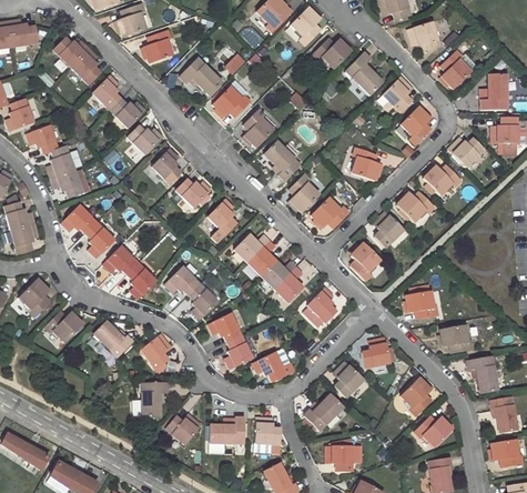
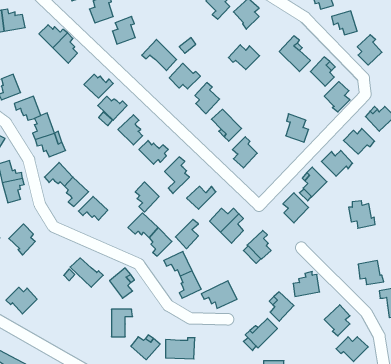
building: [314,38,352,68] -> [228,45,260,70]
building: [92,74,122,111] -> none
building: [312,198,349,228] -> none
building: [249,241,276,276] -> [175,219,198,249]
building: [128,263,156,300] -> [135,182,159,212]
building: [406,286,438,320] -> [349,201,375,228]
building: [45,311,83,343] -> [6,287,37,314]
building: [254,417,281,444] -> none

